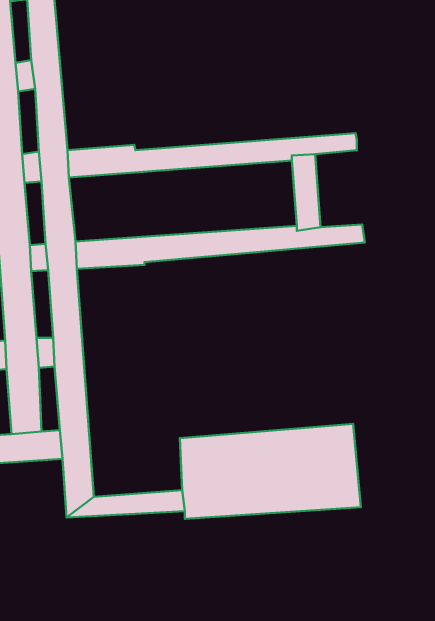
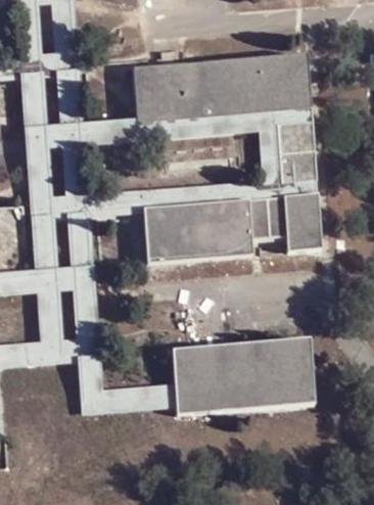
building: none -> [132,53,310,123]
building: none -> [278,123,315,183]
building: none -> [144,195,321,262]

